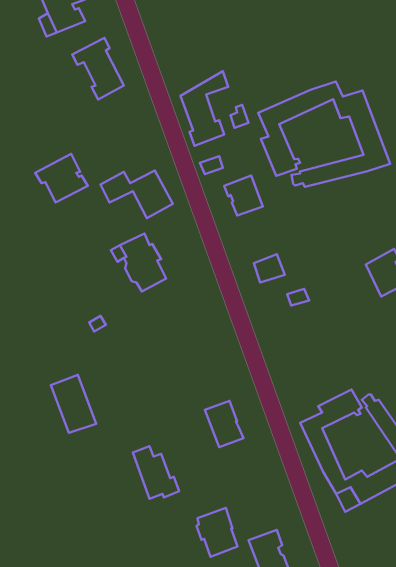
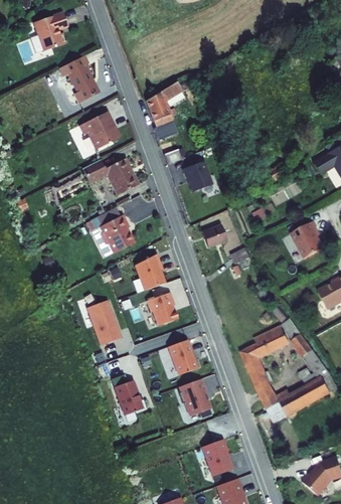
building: [258,81,390,187] -> none
building: [35,154,88,203] -> [81,111,123,149]
building: none -> [134,253,164,289]
building: none -> [146,291,176,324]
building: [51,375,96,433] -> [84,299,120,344]
building: [196,508,238,557] -> [177,377,209,415]

